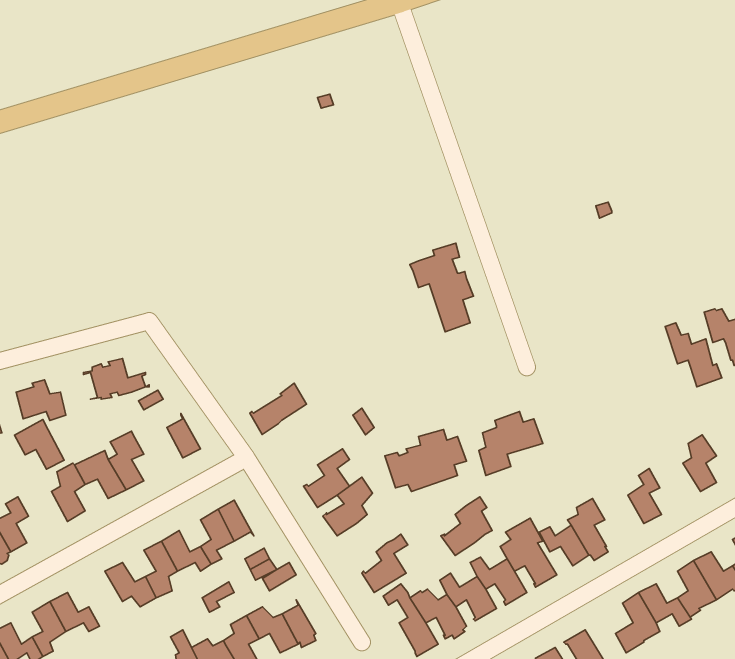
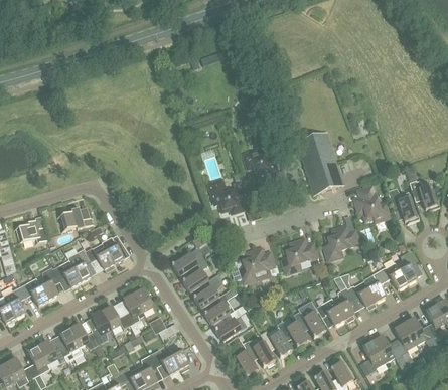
building: none -> [296,133,342,195]
building: none -> [207,179,250,213]
building: none -> [353,186,389,221]
building: [250,383,307,434] -> [171,247,203,276]
building: none -> [323,225,358,260]
building: [15,419,64,469] -> [19,277,47,306]
building: none -> [85,243,114,271]
building: none -> [378,261,407,289]
building: none -> [345,281,375,310]
building: [441,497,492,555] -> [203,291,233,325]
building: none -> [59,329,79,362]

